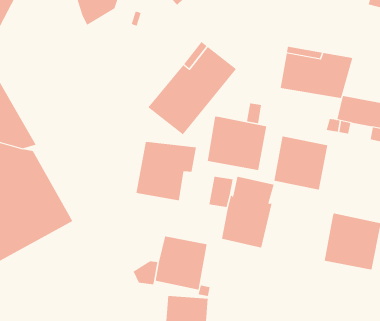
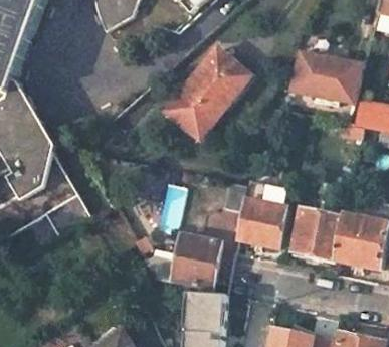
building: [207,116,267,171] -> none
building: [273,136,328,190] -> [288,206,341,258]
building: [136,141,197,201] -> none

